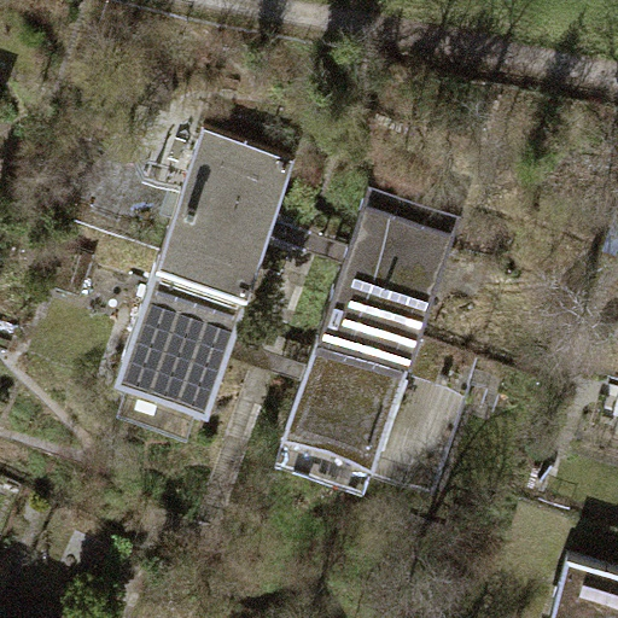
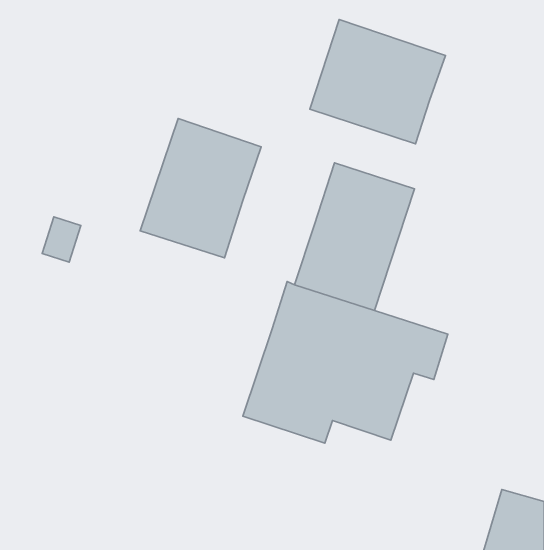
building: none -> [310,20,445,144]
building: [116,260,251,415] -> none

